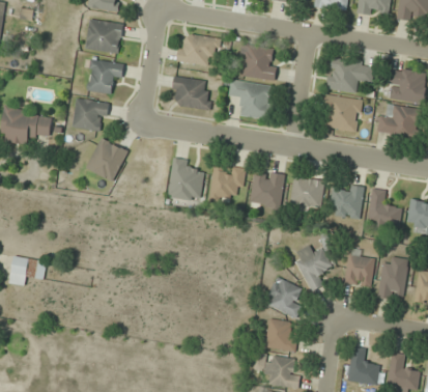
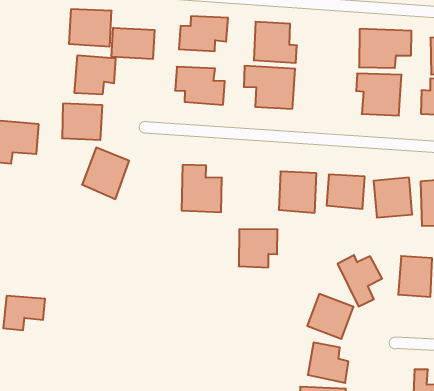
building: none -> [112,28,155,59]
building: [210,166,246,200] -> [239,229,278,267]

